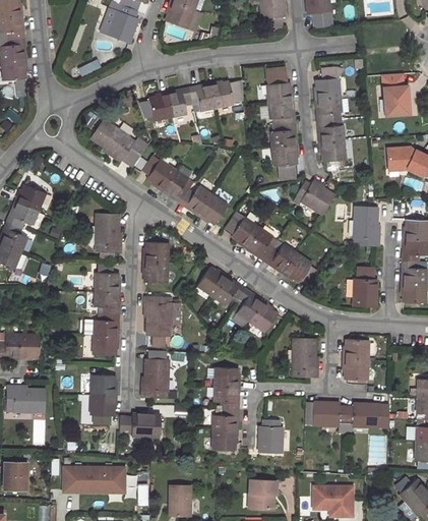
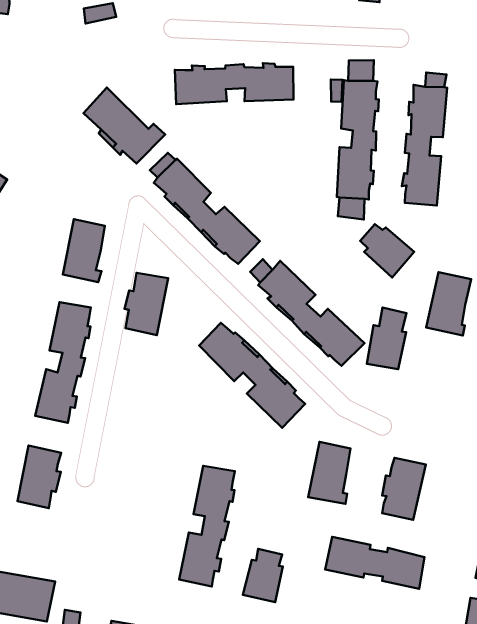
building: [354,266,377,306] -> [367,307,407,369]
building: [144,295,172,336] -> none
building: [142,358,169,398] -> none
building: [120,413,161,437] -> none

